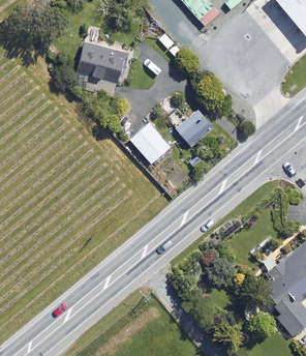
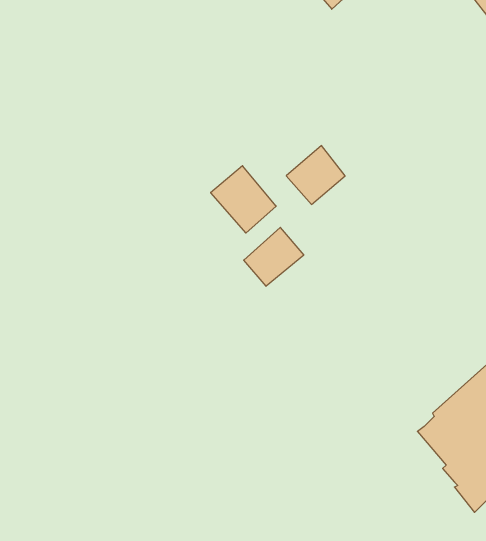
building: [74,42,125,97] -> none
building: none -> [244,227,304,286]

